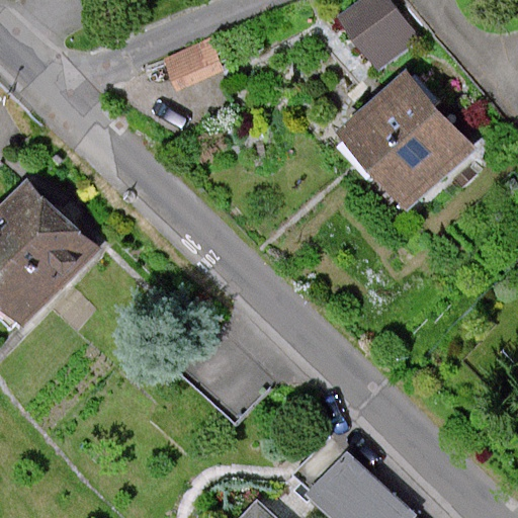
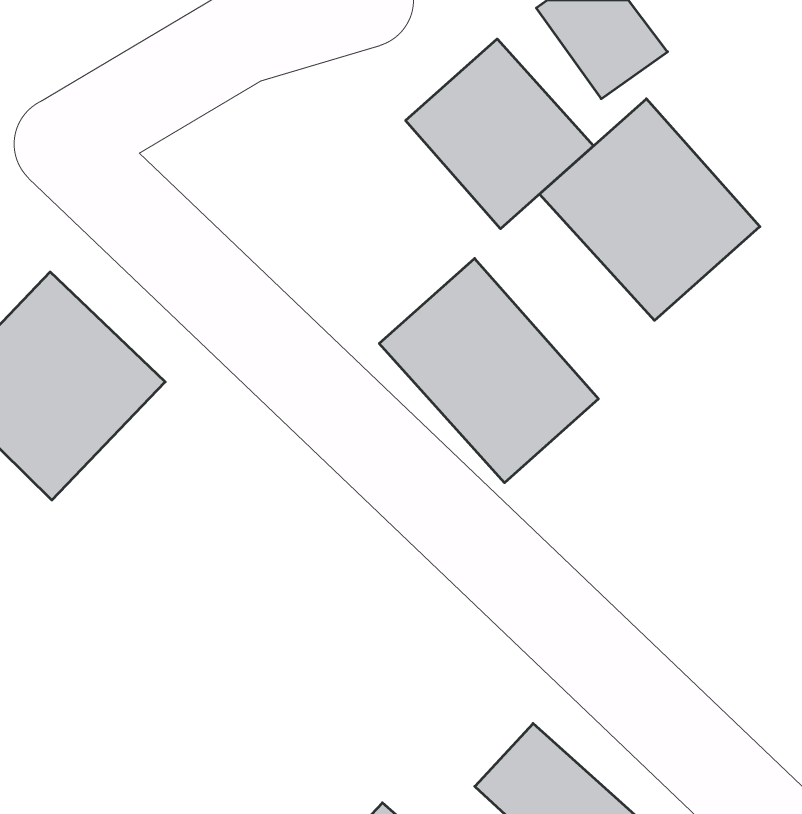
building: none -> [406,39,594,229]
building: none -> [379,258,598,483]

